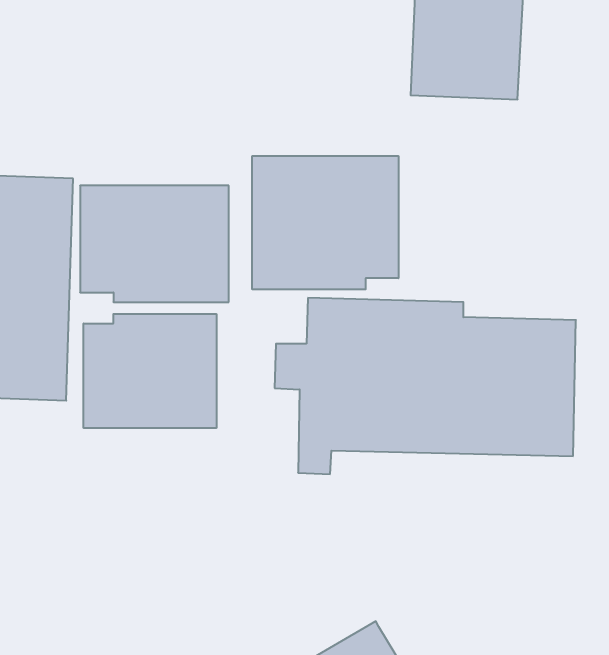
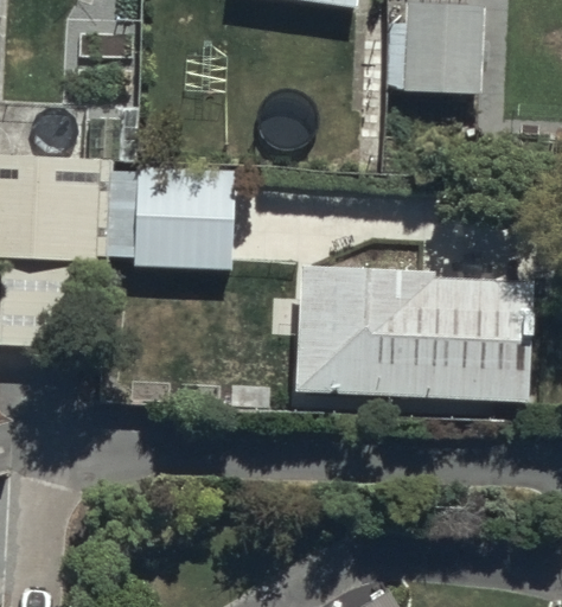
building: [252,156,398,289] -> none
building: [84,314,216,428] -> none

